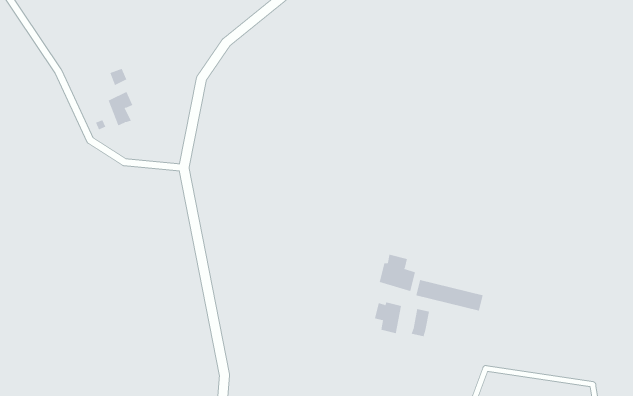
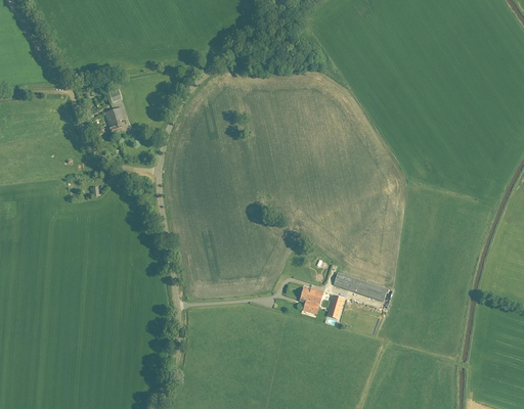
building: [379,254,416,292] -> none

